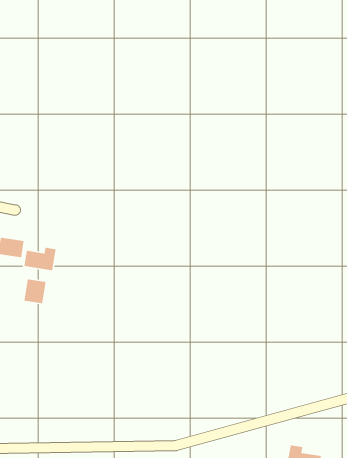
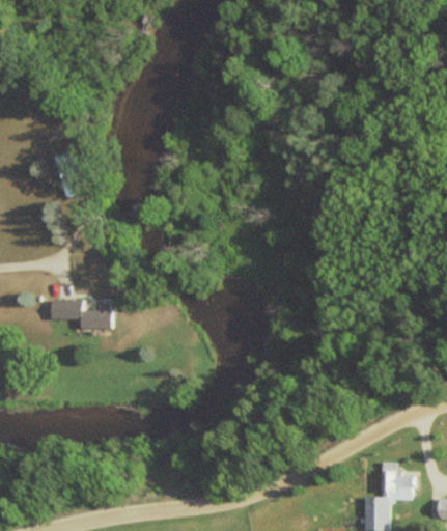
building: [24,279,46,304] -> none

